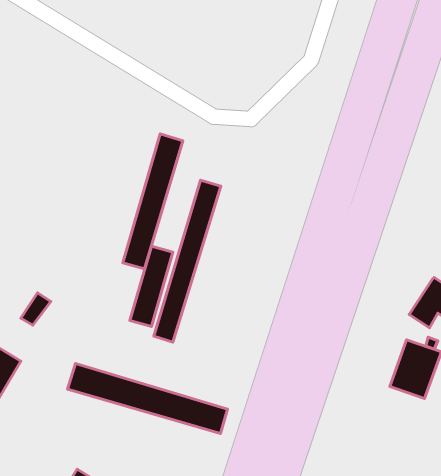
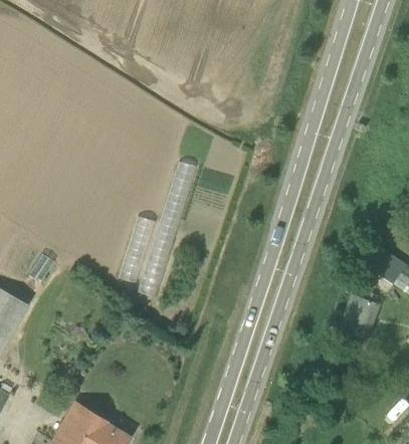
building: [123,134,183,269] -> none
building: [68,363,228,434] -> none

